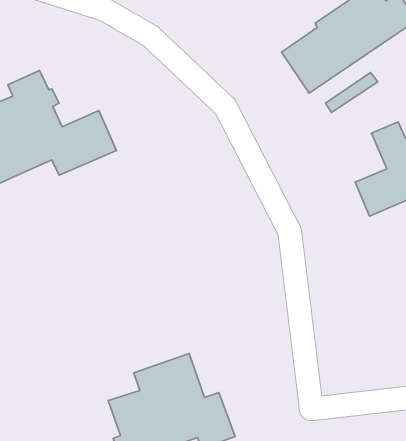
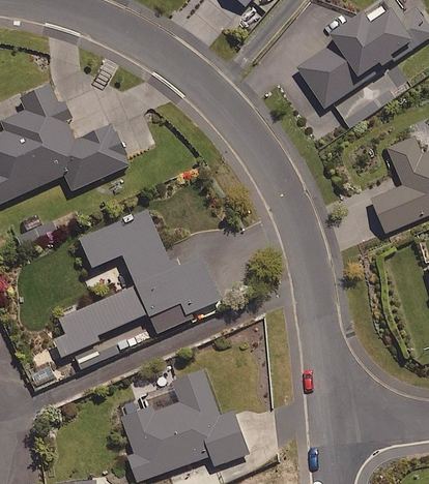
building: none -> [54,212,221,358]

